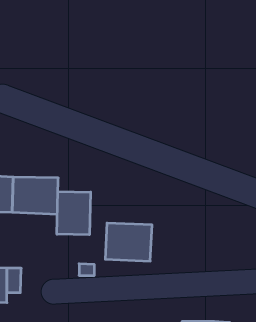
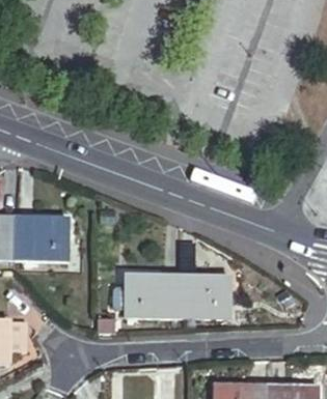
building: [57,192,91,235] -> none
building: none -> [176,274,231,317]

